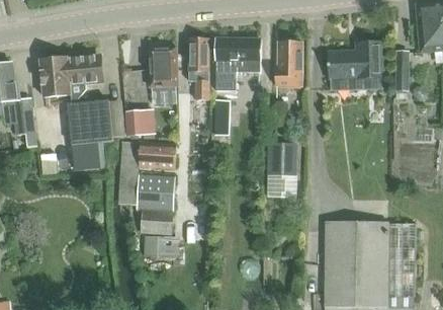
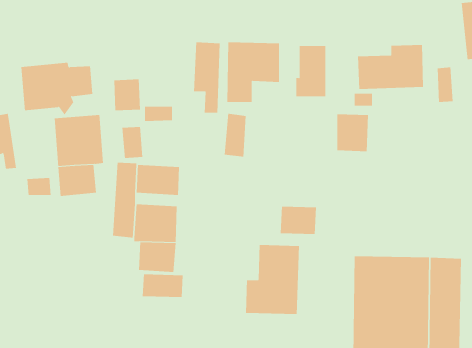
building: [148,45,177,85] -> none
building: [268,142,295,174] -> [337,114,369,152]
building: none -> [245,244,299,315]

